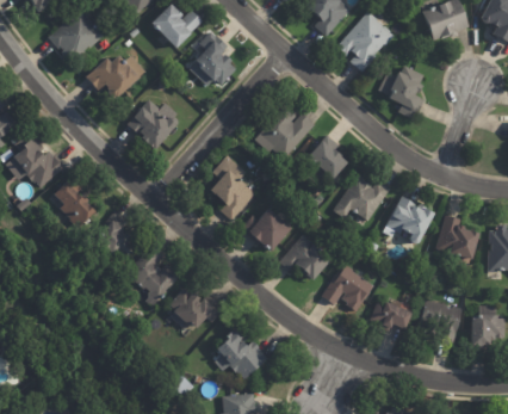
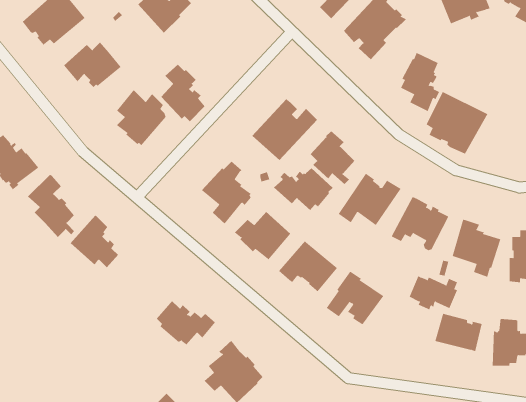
building: [194,31,235,84] -> [161,64,206,122]
building: none -> [426,91,488,155]
building: none -> [273,167,334,211]
building: [129,248,181,308] -> none
building: [368,301,413,332] -> [409,276,458,310]

